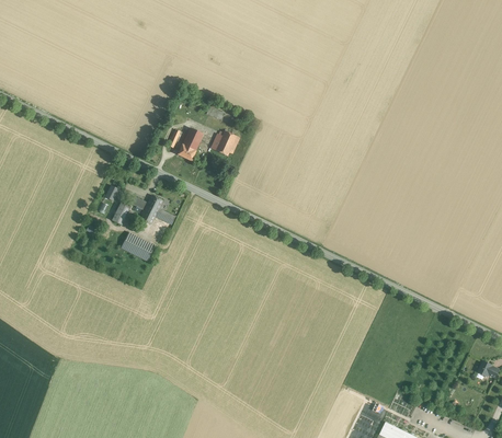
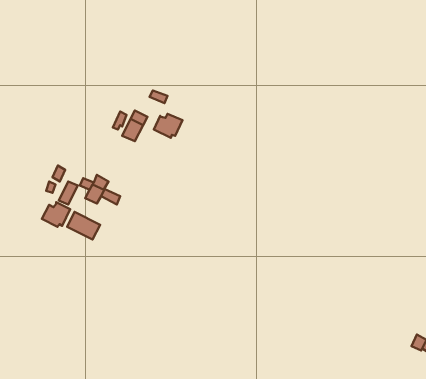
building: none -> [42,202,70,227]

